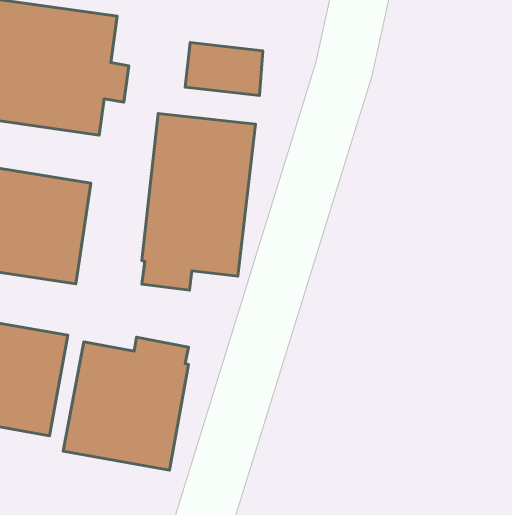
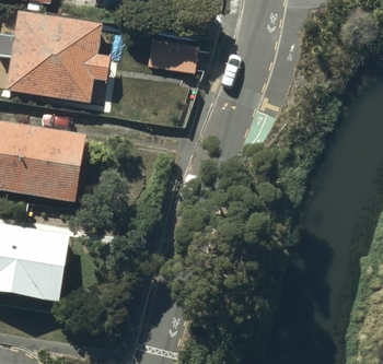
building: [142,113,256,290] -> none
building: [63,337,189,470] -> none

